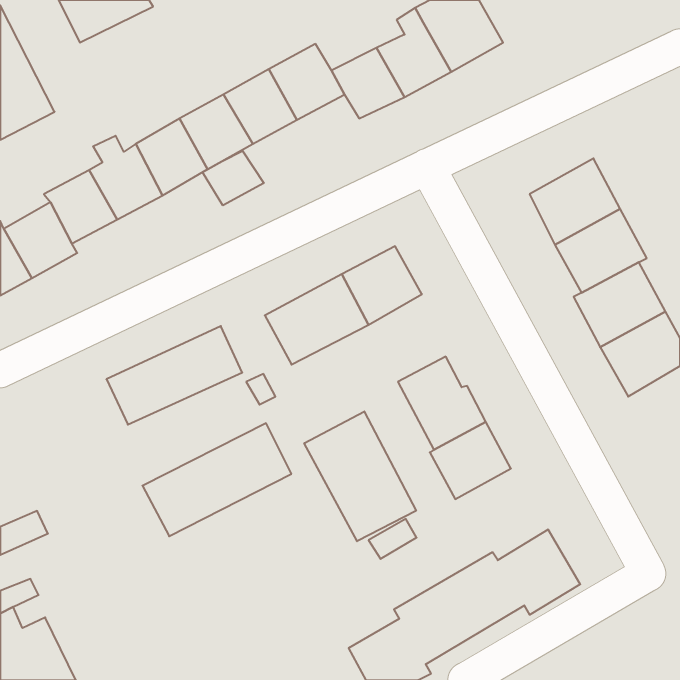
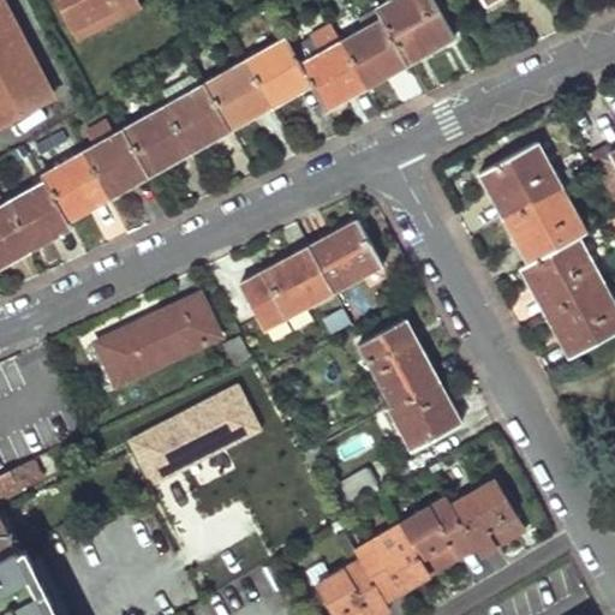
building: [202,151,264,205] -> none
building: [304,411,416,541] -> none

